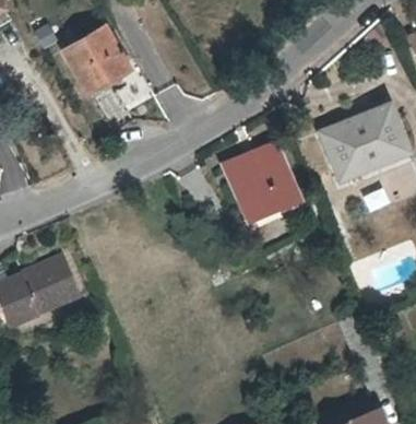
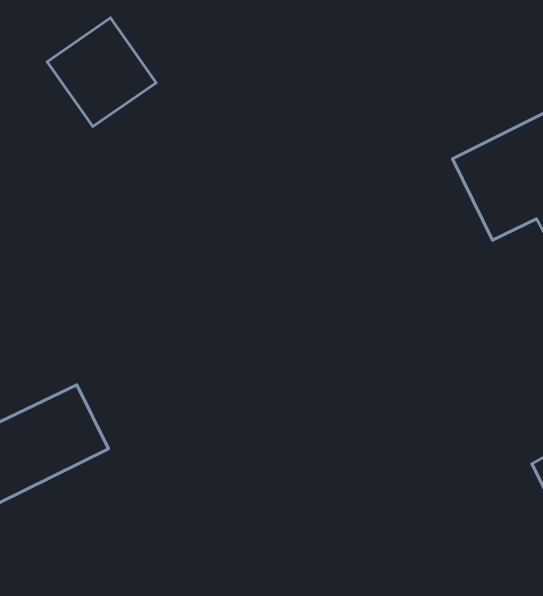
building: [226,142,301,216] -> none

